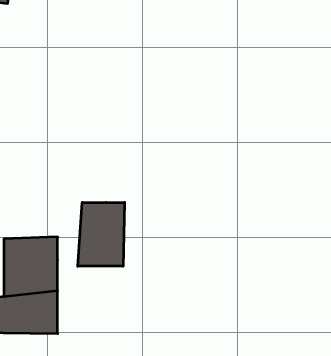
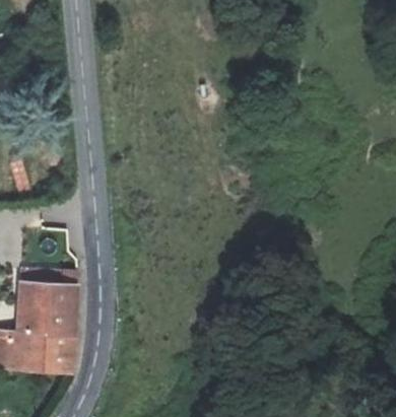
building: [78,202,125,266] -> none

